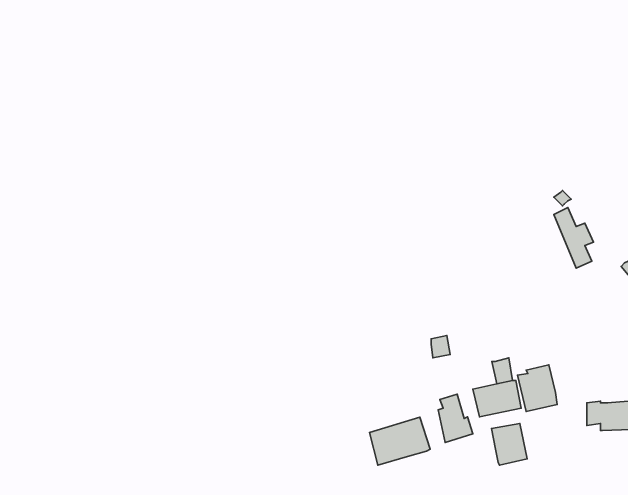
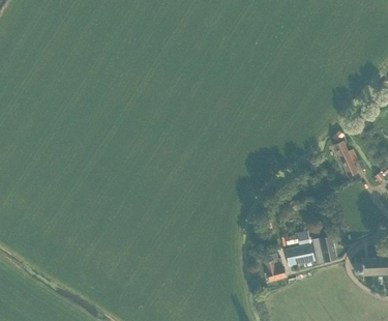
building: [370,417,430,465] -> none
building: [491,423,527,465] -> none

